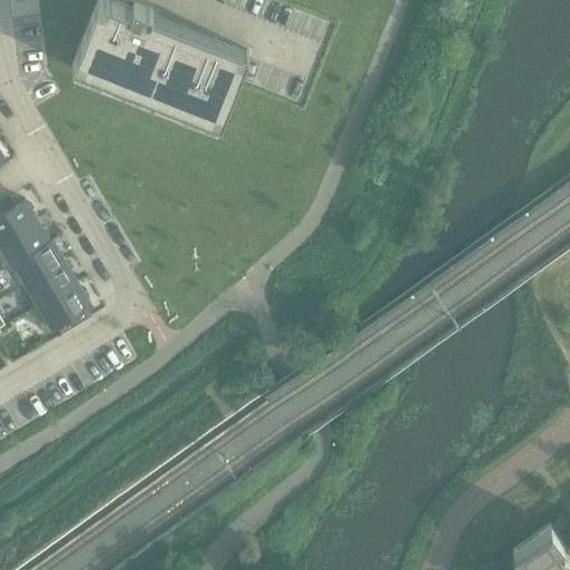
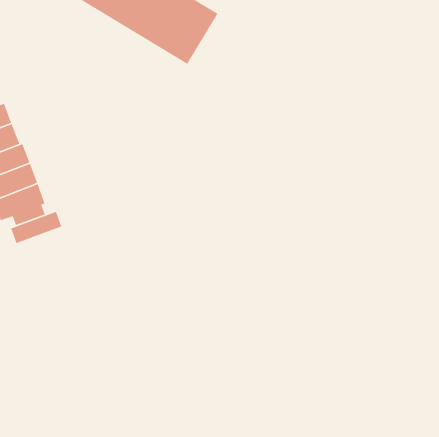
building: none -> [10,211,62,245]

